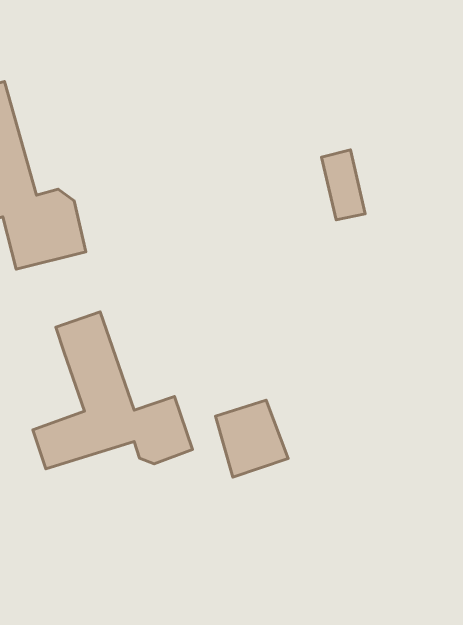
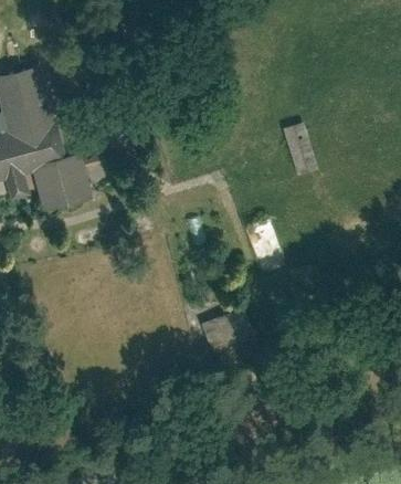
building: [33,312,193,469] -> none

